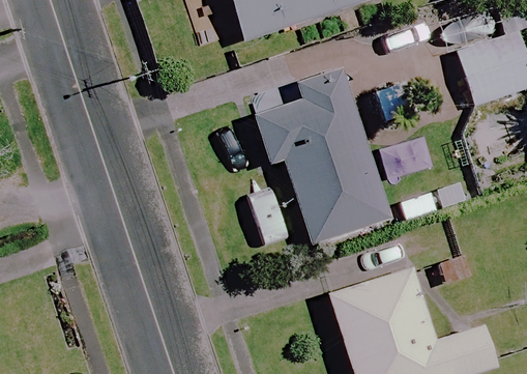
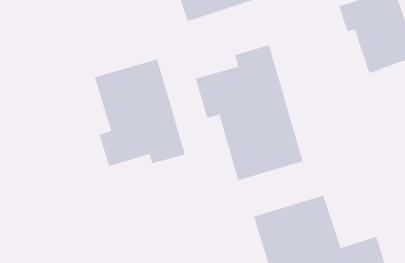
building: none -> [94,59,186,167]

